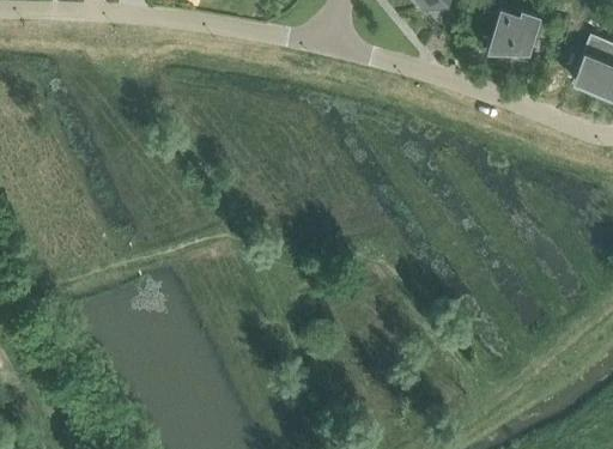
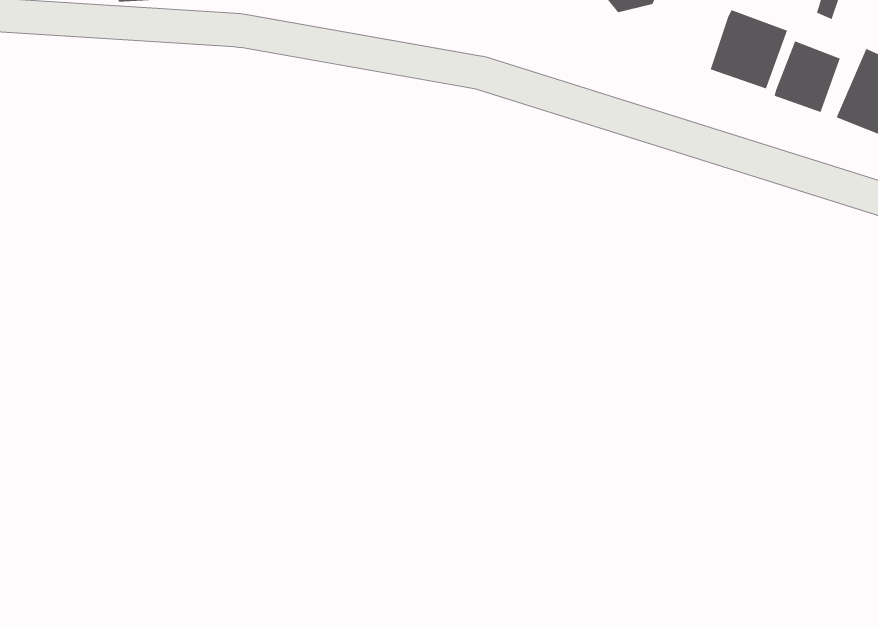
building: none -> [774,41,841,113]

